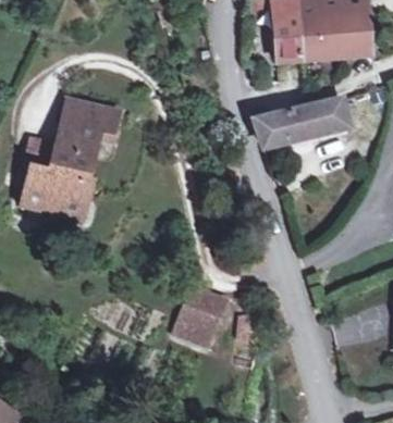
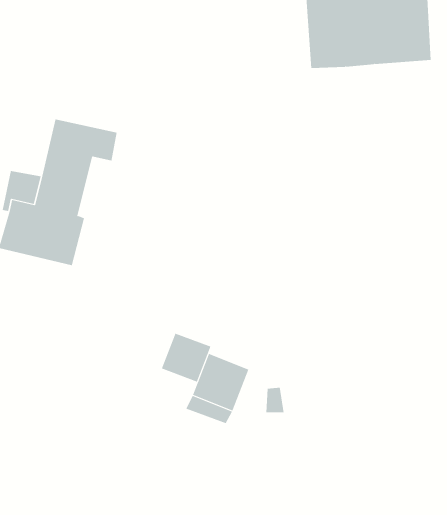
building: [255,95,349,148] -> none
building: none -> [161,333,211,382]

